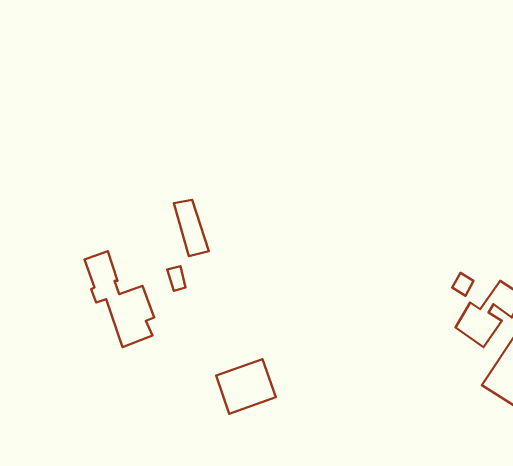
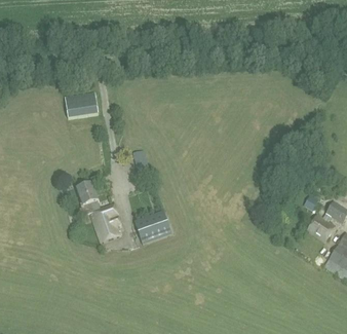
building: none -> [65,91,99,116]
building: [216,359,276,414] -> [134,209,171,243]

